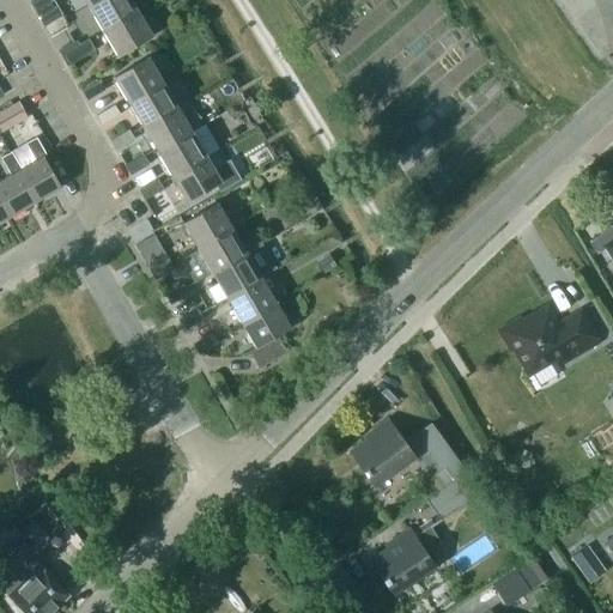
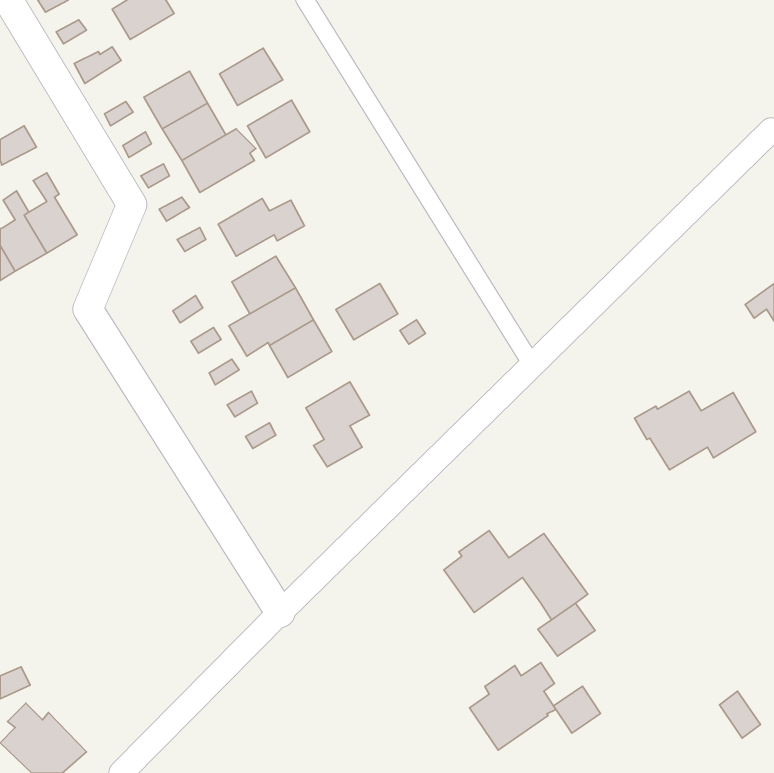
building: [103,11,153,56] -> [219,48,283,106]
building: [158,132,207,177] -> [248,100,310,158]
building: [227,278,277,322] -> [336,284,398,340]
building: [492,566,529,603] -> [554,686,601,733]

